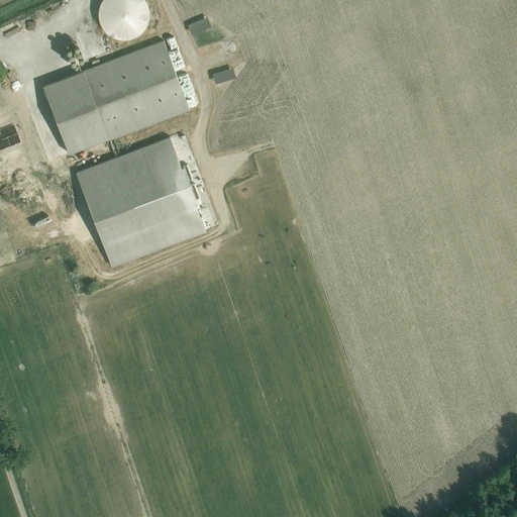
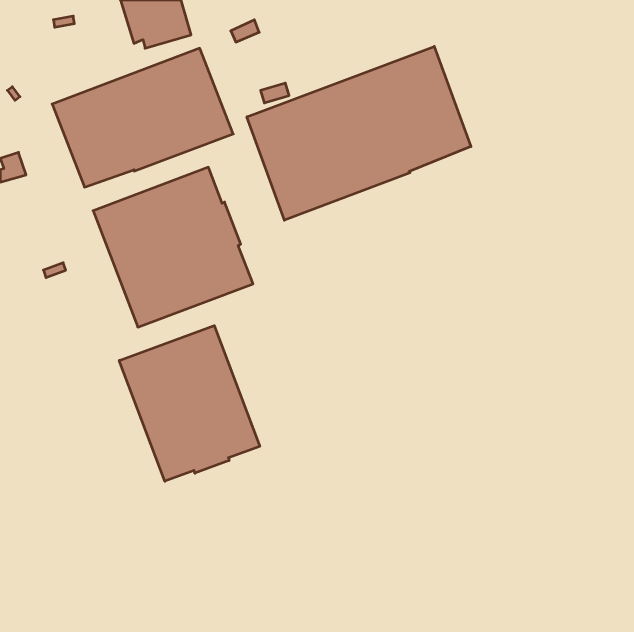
building: none -> [247,46,471,220]
building: none -> [119,326,260,481]

